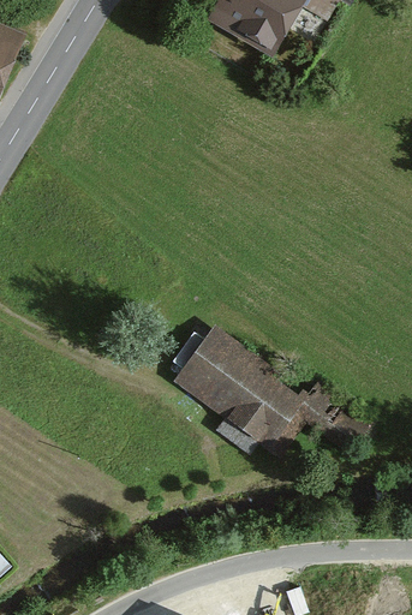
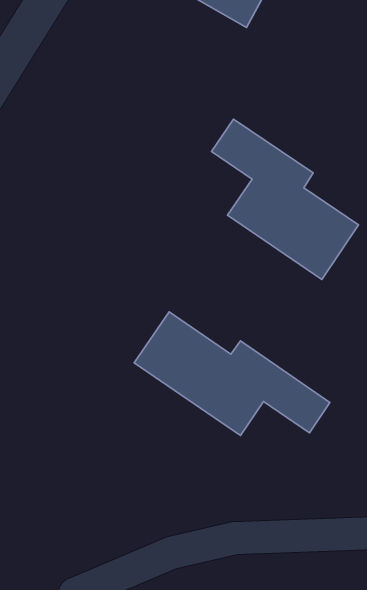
building: none -> [212,119,358,279]

